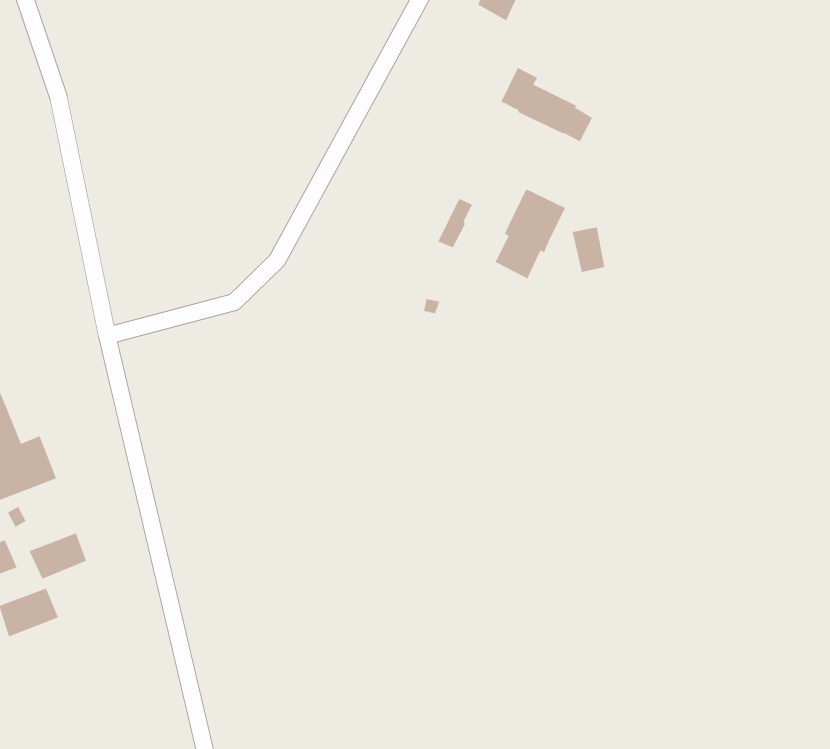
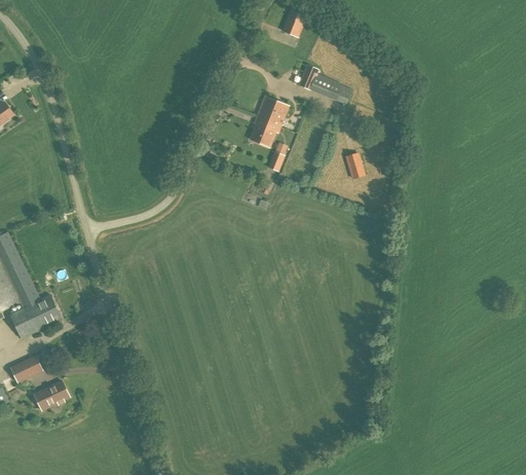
building: [495,189,566,279] -> [250,96,288,147]
building: [29,533,87,579] -> none

